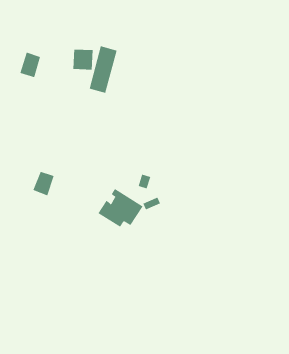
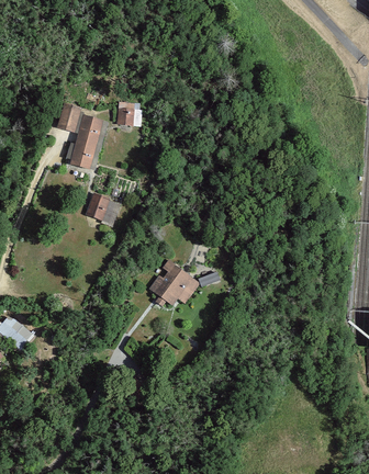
building: [89,46,118,94] -> [70,115,103,170]
building: [32,171,54,196] -> [85,194,110,223]

